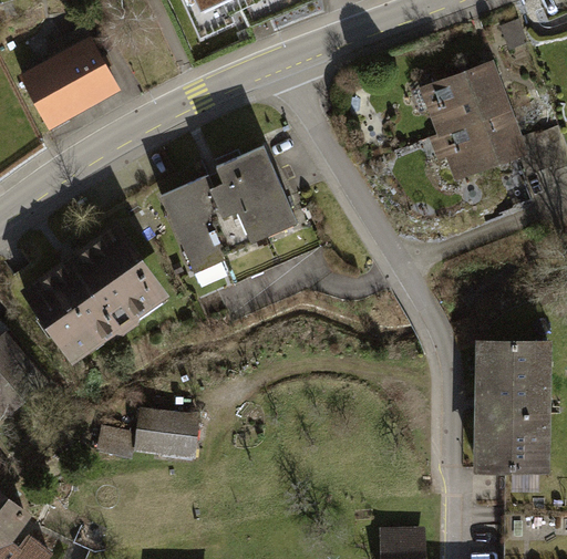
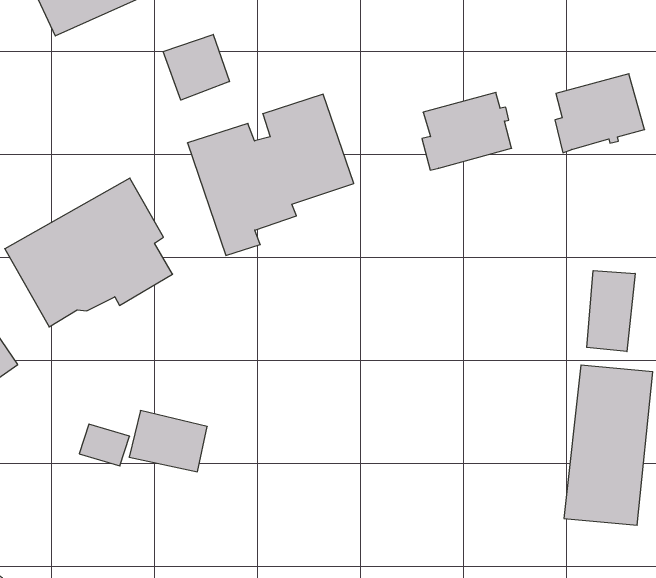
building: [432,65,505,132] -> [422,92,512,170]
building: none -> [163,34,229,100]
building: none -> [587,271,635,352]

